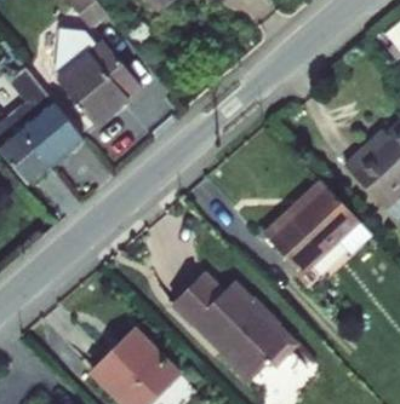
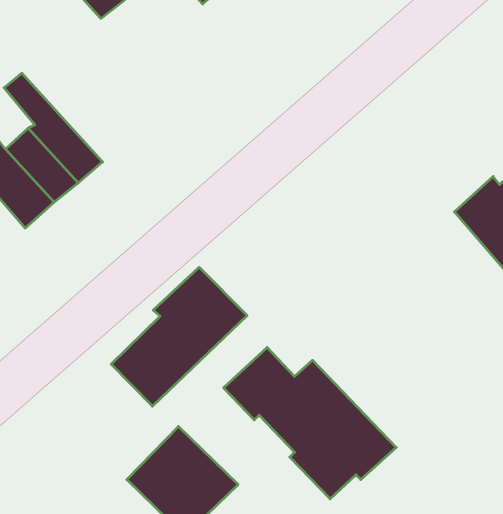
building: [57,33,137,120] -> none
building: [262,185,370,273] -> none
building: none -> [111,267,247,406]

